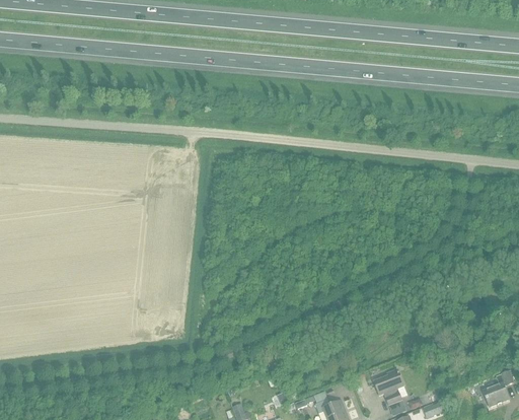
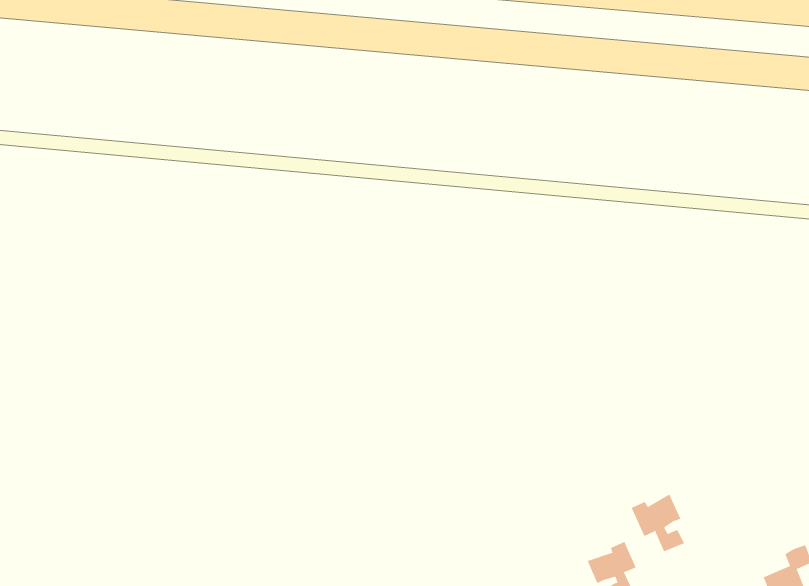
building: none -> [631,493,685,552]

